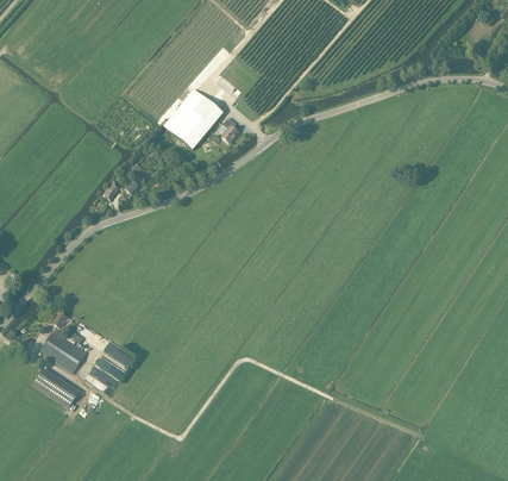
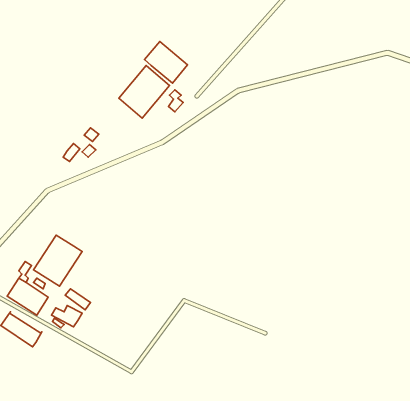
building: none -> [145,41,188,83]
building: none -> [34,235,82,286]

